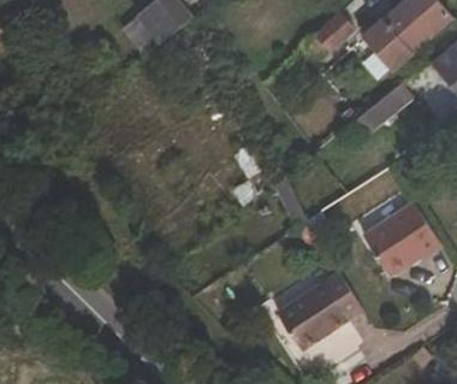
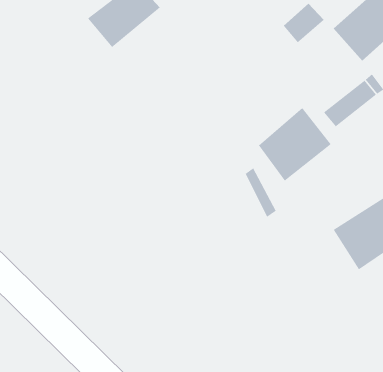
building: none -> [258,107,332,181]
building: [275,278,346,347] -> none

